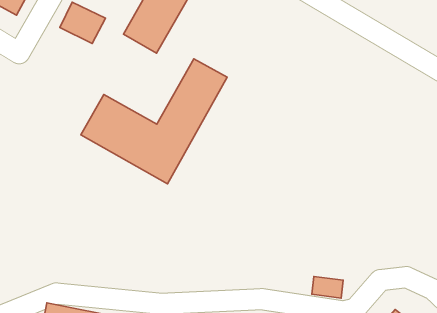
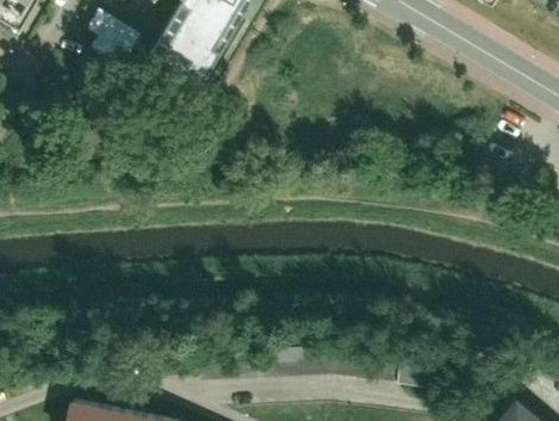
building: [81,59,227,184] -> none

